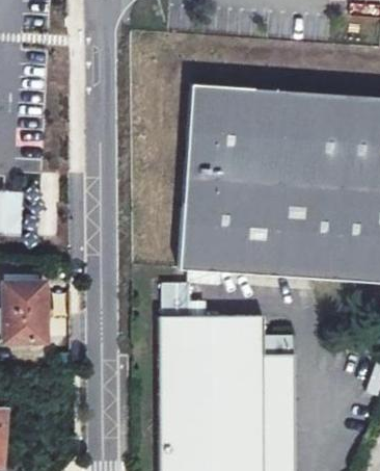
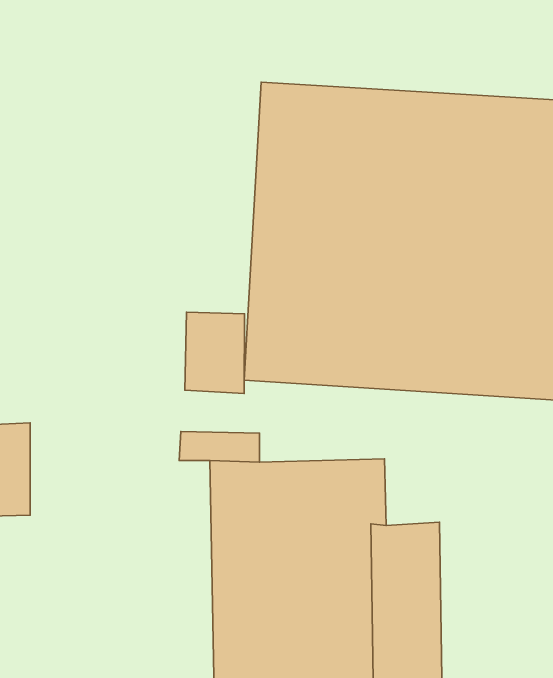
building: none -> [185,312,244,393]

